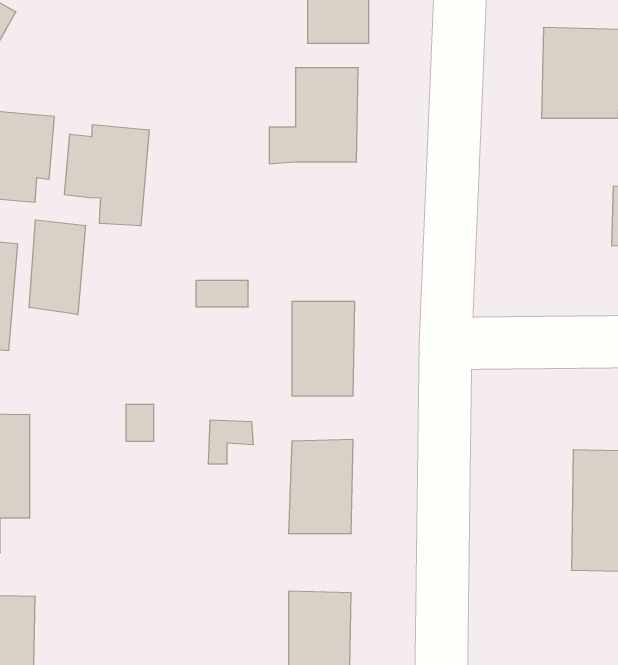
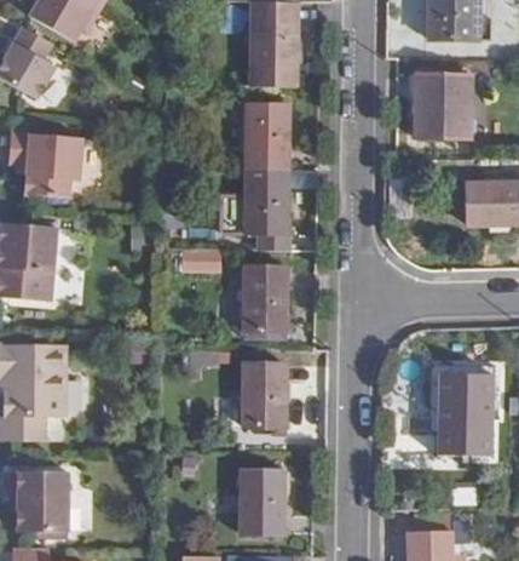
building: [64,125,149,226] -> none
building: none -> [220,168,289,251]
building: [29,220,86,315] -> none

